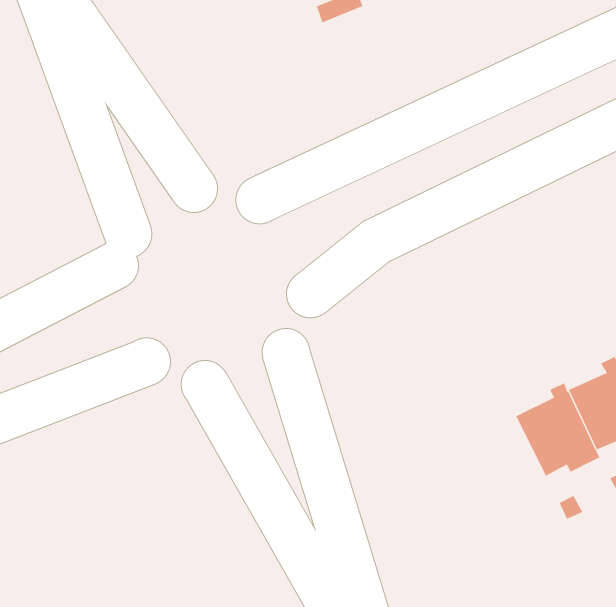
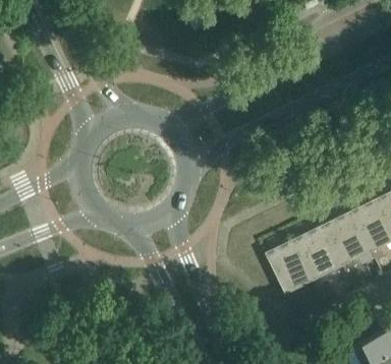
building: none -> [266,239,316,294]

